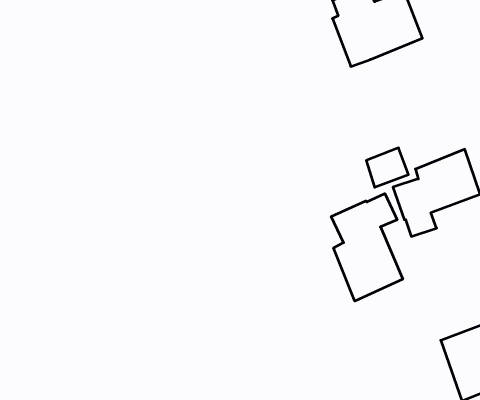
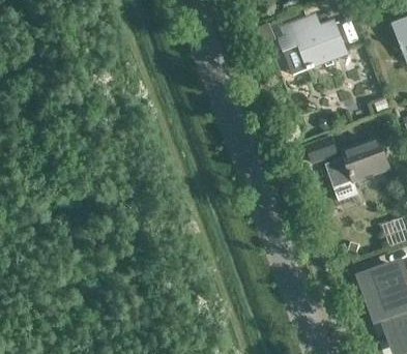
building: [331,194,403,301] -> none

